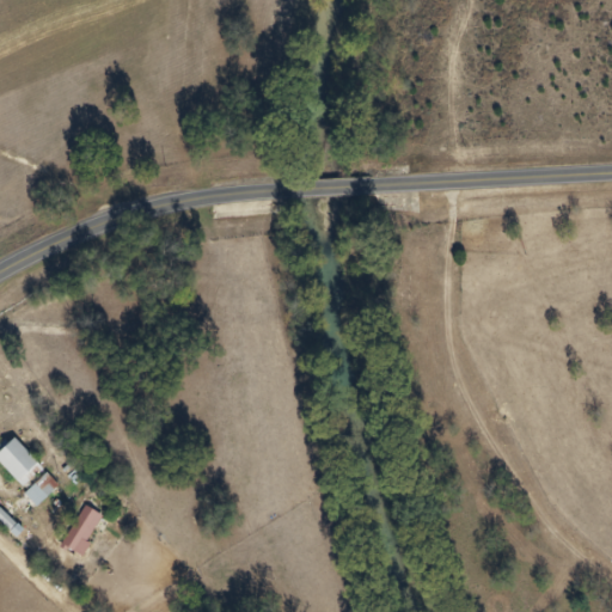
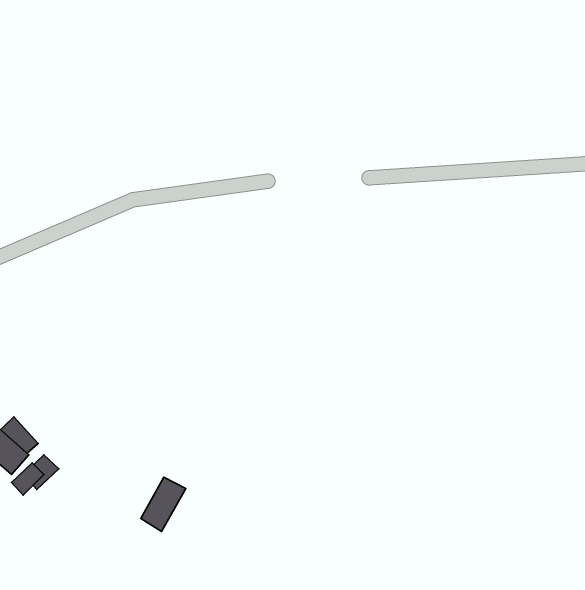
building: [60,502,106,558] -> [141,477,186,531]

